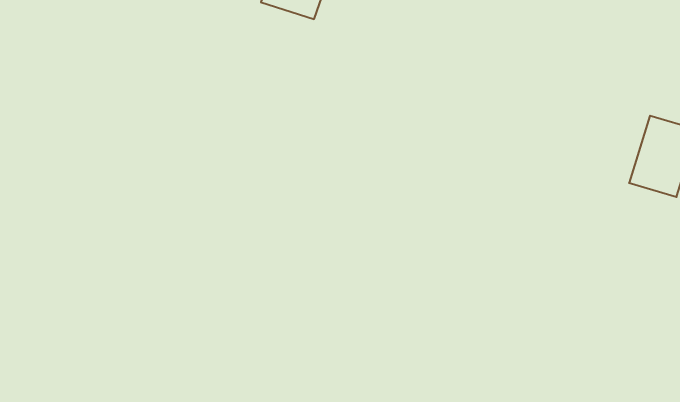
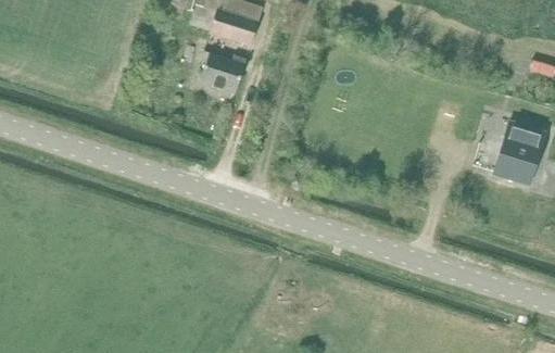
building: none -> [200,51,244,93]

